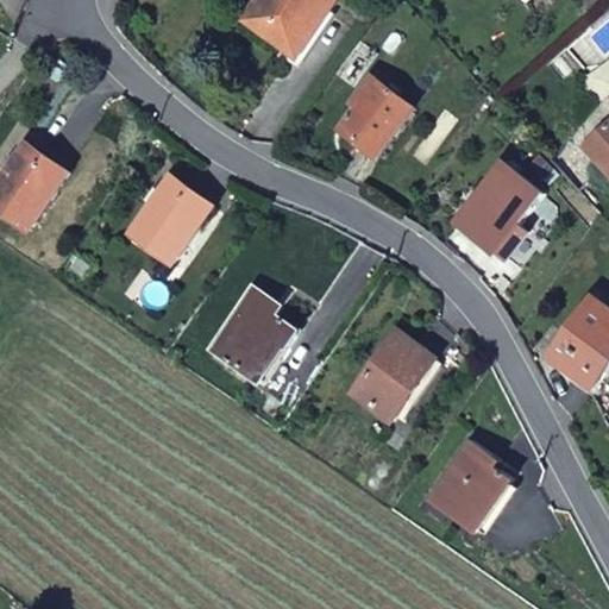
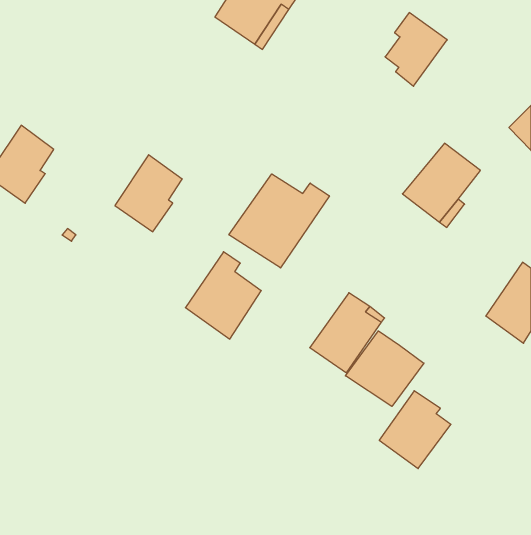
building: [340,74,410,157] -> [385,13,447,86]
building: none -> [229,174,329,268]
building: none -> [345,331,424,406]

